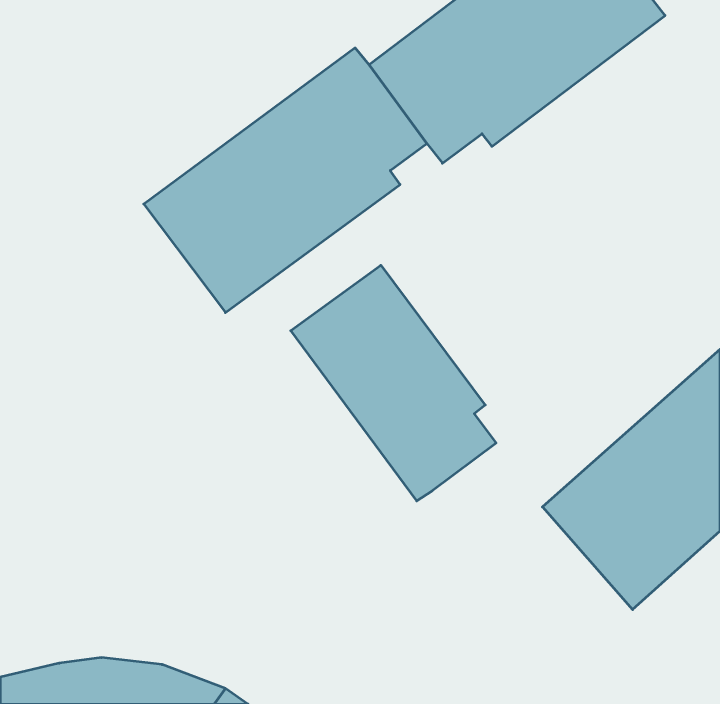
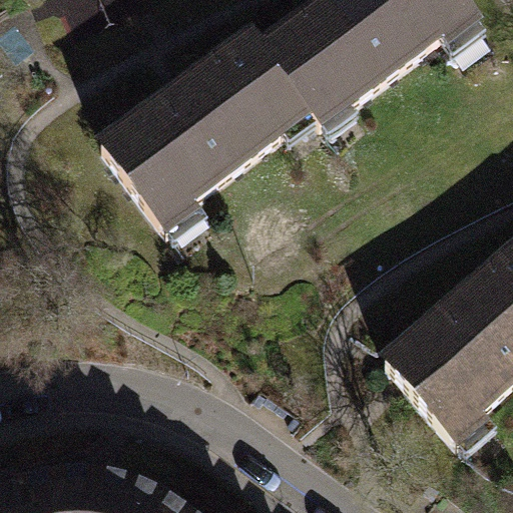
building: [291,265,496,501] -> none

